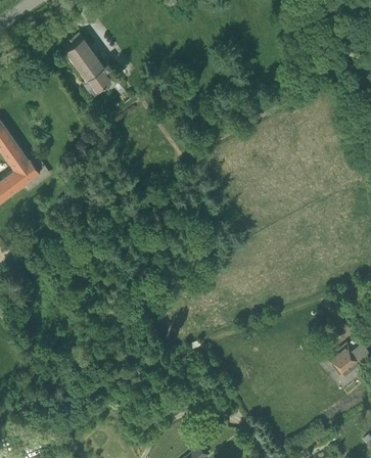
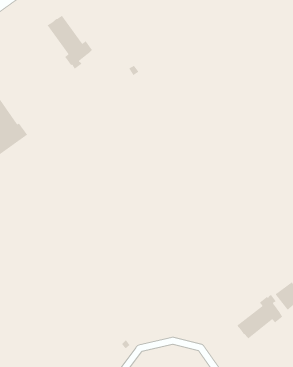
building: none -> [236,294,283,339]

